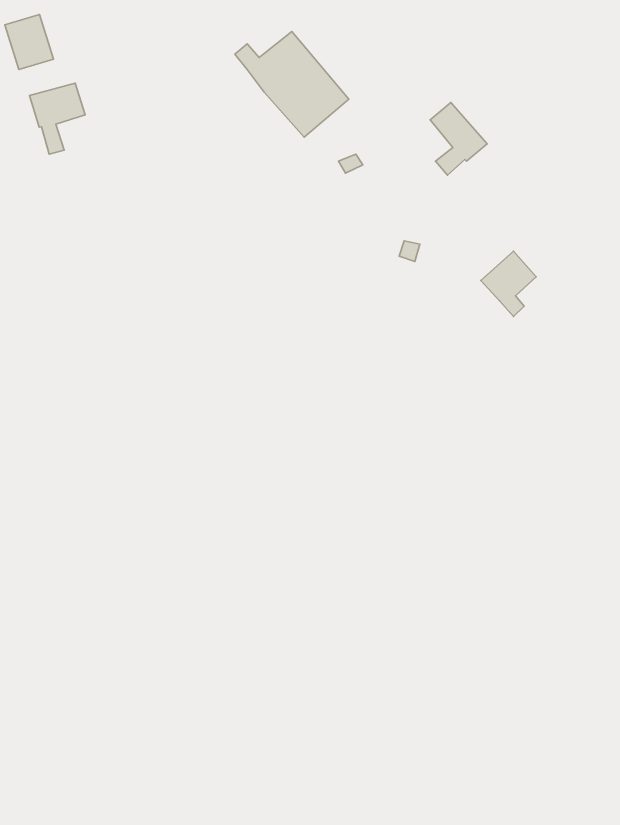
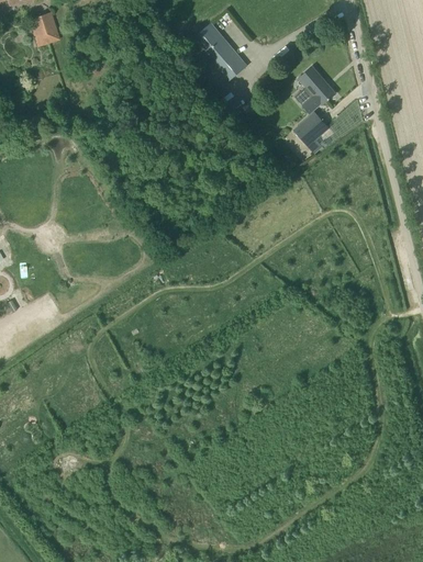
building: [29,83,85,154] -> none
building: [481,251,536,317] -> [293,111,329,153]

